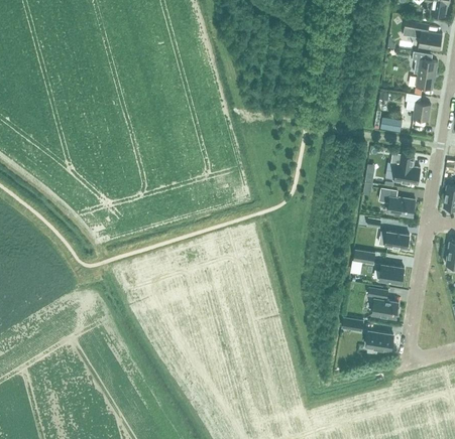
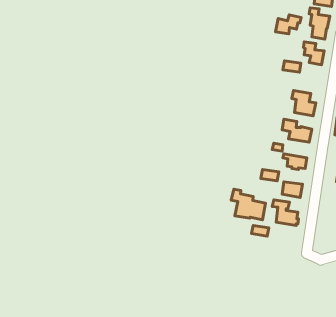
building: none -> [276,15,301,34]
building: none -> [231,189,265,220]
building: [366,331,393,353] -> none

